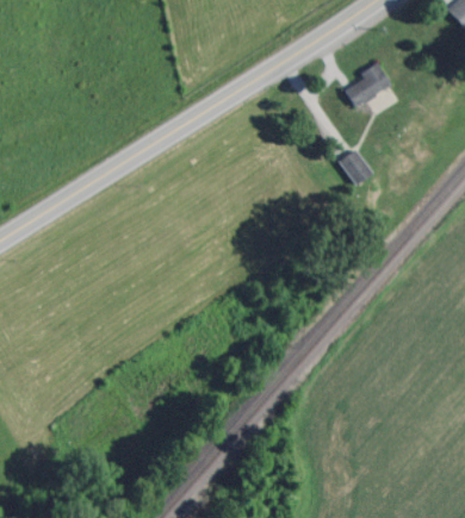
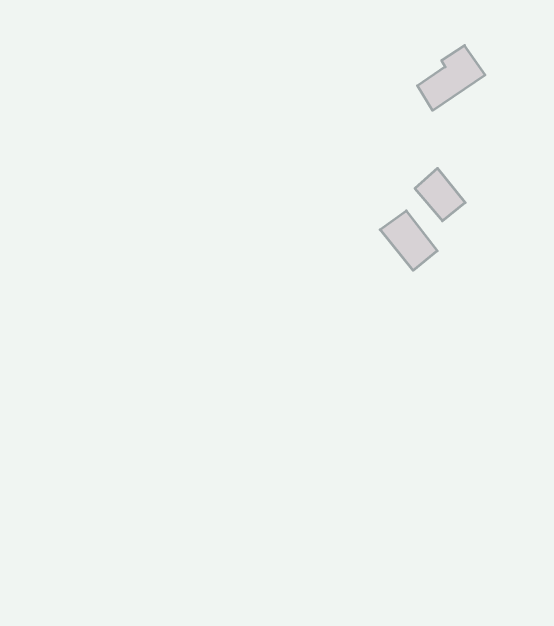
building: none -> [380,211,437,270]

